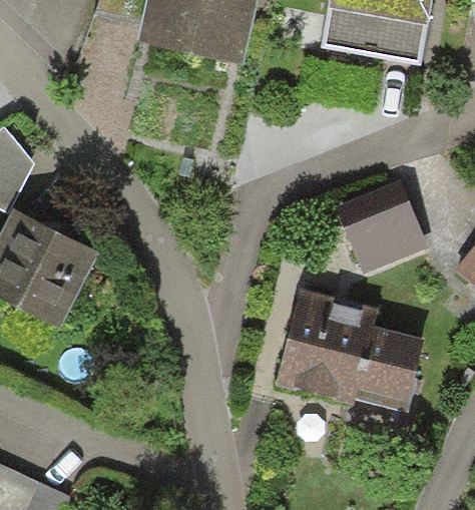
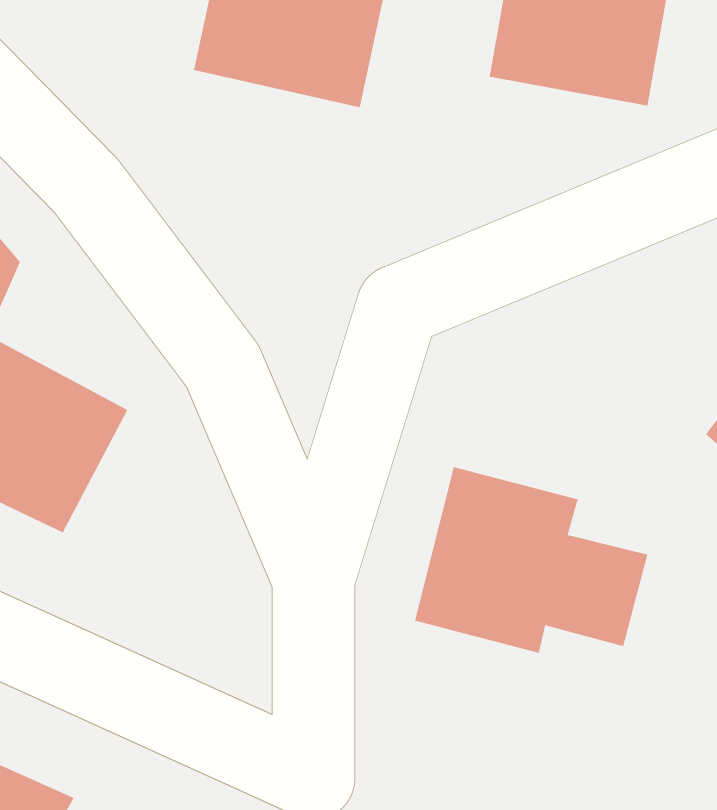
building: [345,202,427,271] -> none

